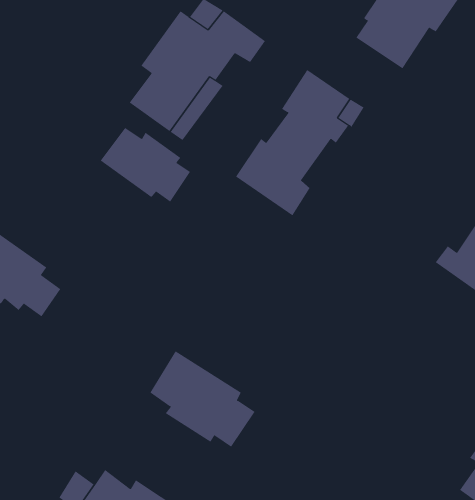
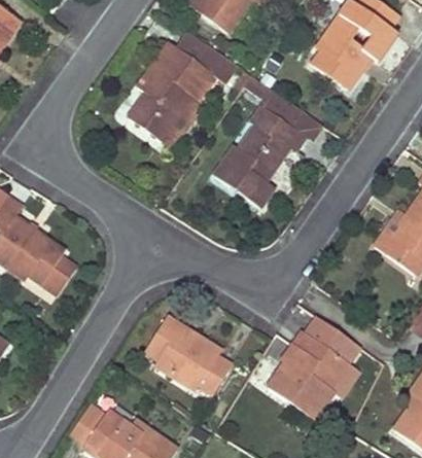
building: [100,127,191,202] -> none
building: none -> [267,314,359,419]

